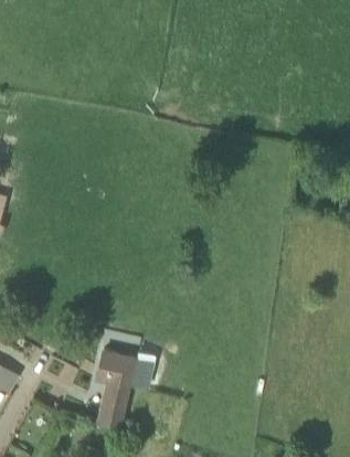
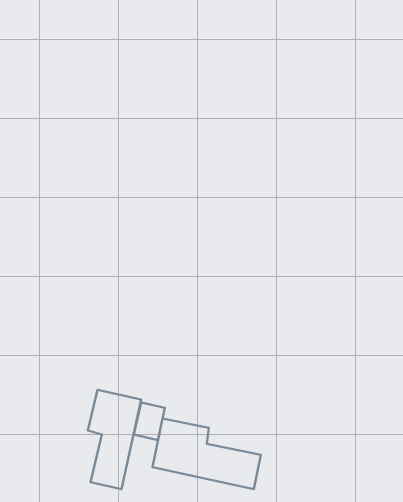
building: none -> [152,419,261,489]

